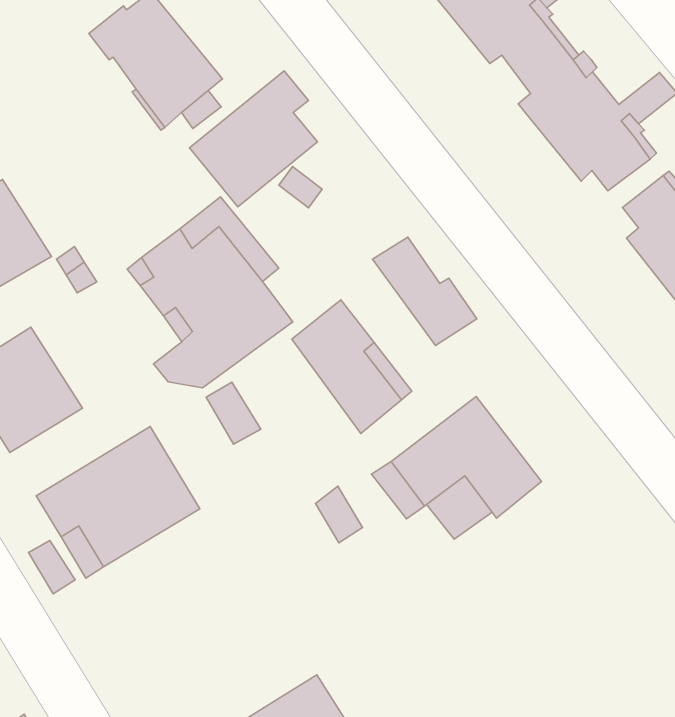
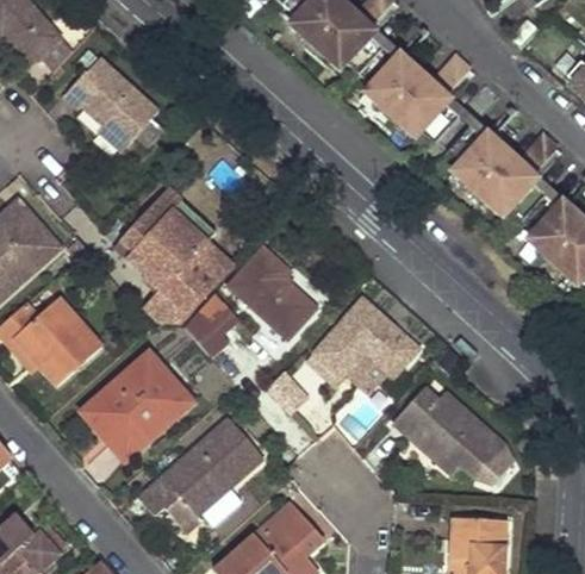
building: [190,71,317,207] -> none
building: [373,237,477,345] -> none
building: none -> [138,418,266,535]
building: none -> [392,387,506,481]

